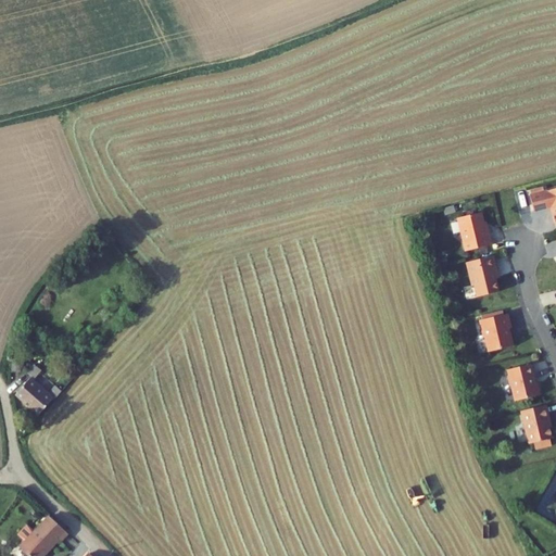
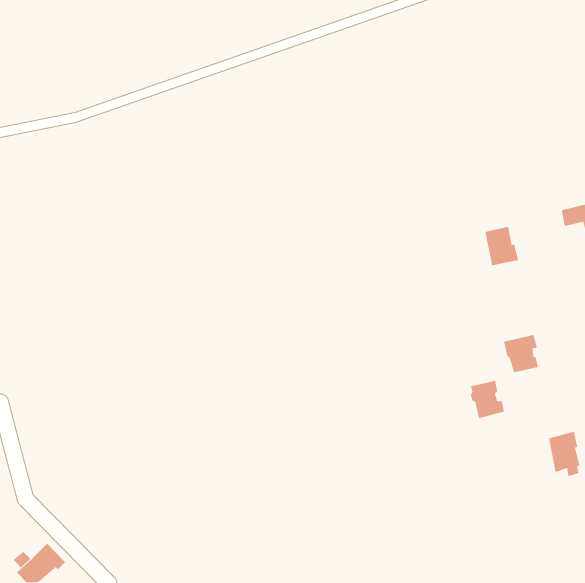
building: [469,255,498,296] -> none
building: [507,365,540,402] -> [470,380,505,419]
building: [20,375,65,414] -> none

